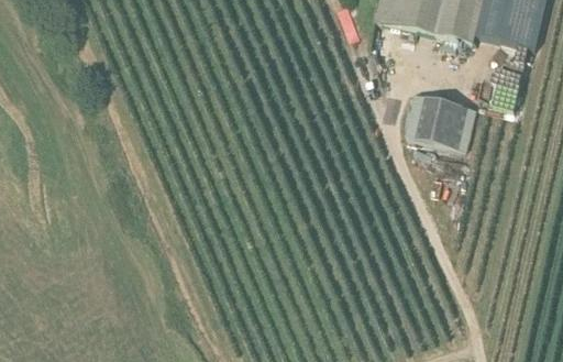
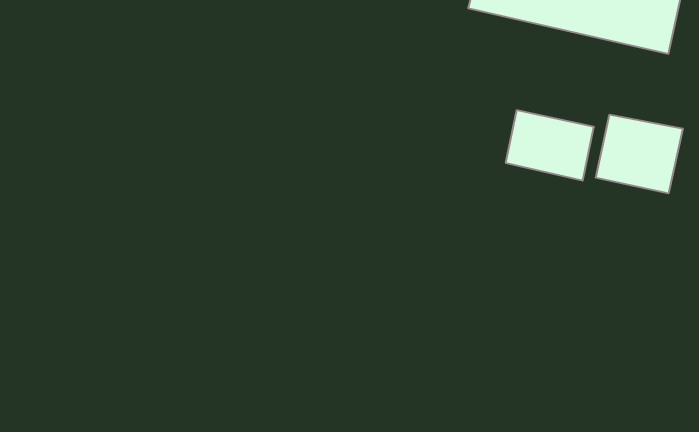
building: none -> [596,115,683,193]

